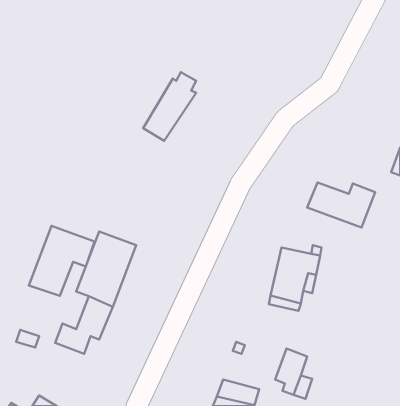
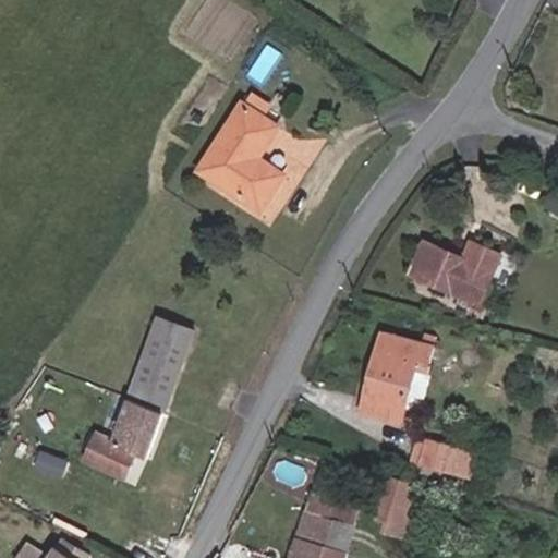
building: none -> [223,126,276,211]
building: [29,226,94,296] -> none
building: none -> [427,442,482,476]
building: none -> [304,494,360,530]

